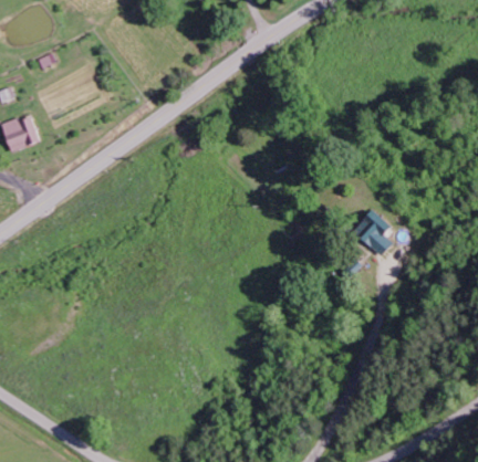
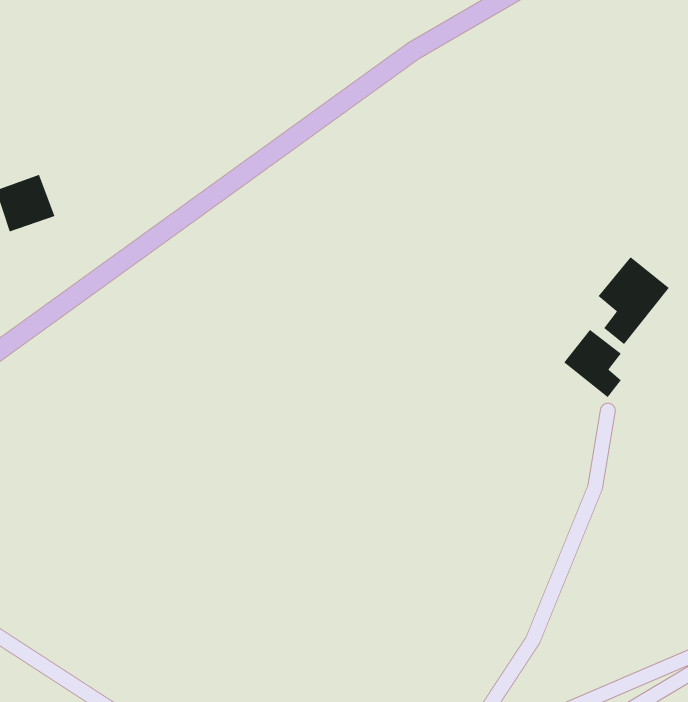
building: none -> [597,256,670,345]

